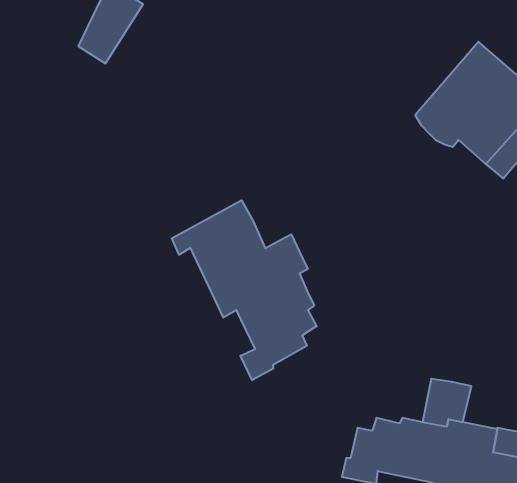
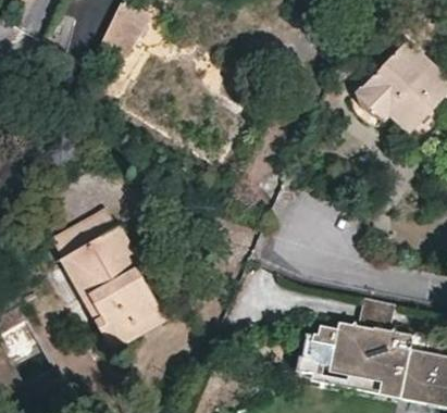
building: [172,200,317,380] -> none
building: none -> [54,210,159,347]

